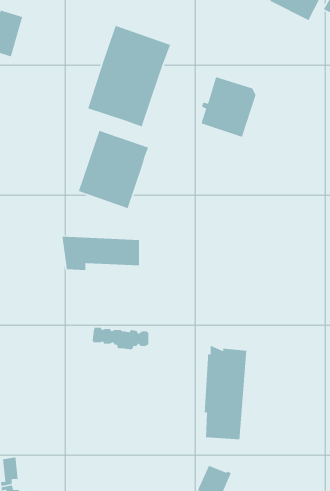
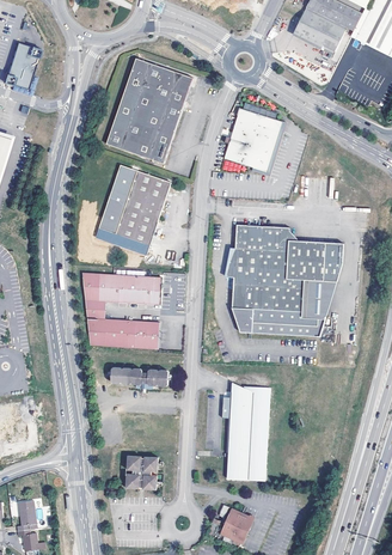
building: none -> [226,225,339,340]
building: none -> [86,318,159,348]
building: none -> [125,455,158,488]

